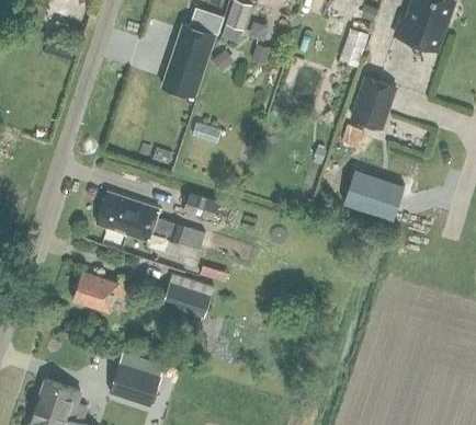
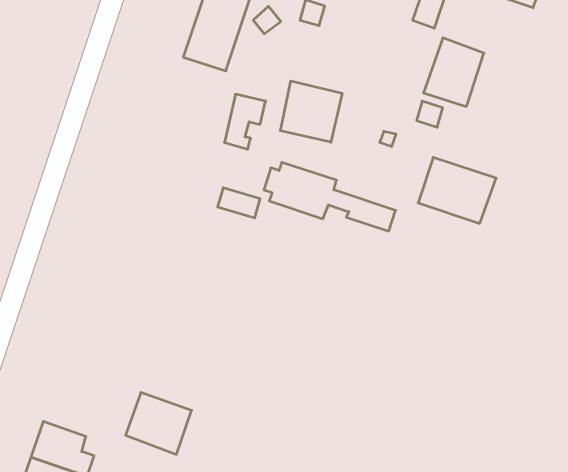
building: none -> [280,81,342,142]
building: [100,195,205,250] -> [264,162,396,231]
building: [72,272,128,312] -> none
building: [162,282,212,318] -> none

